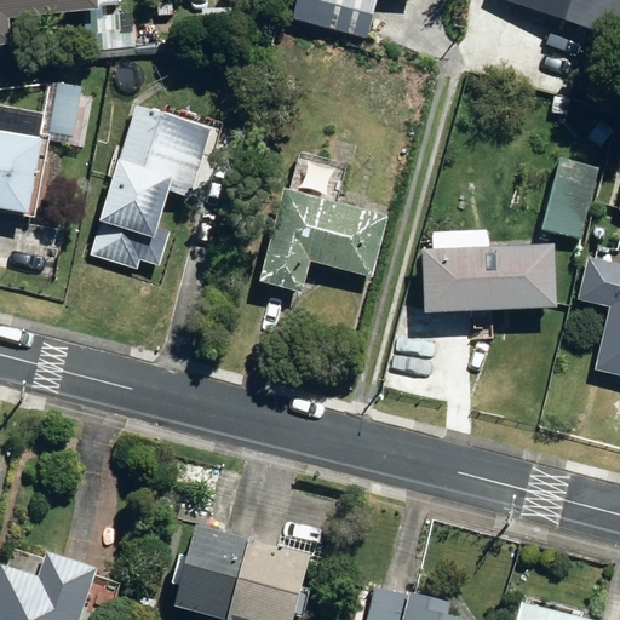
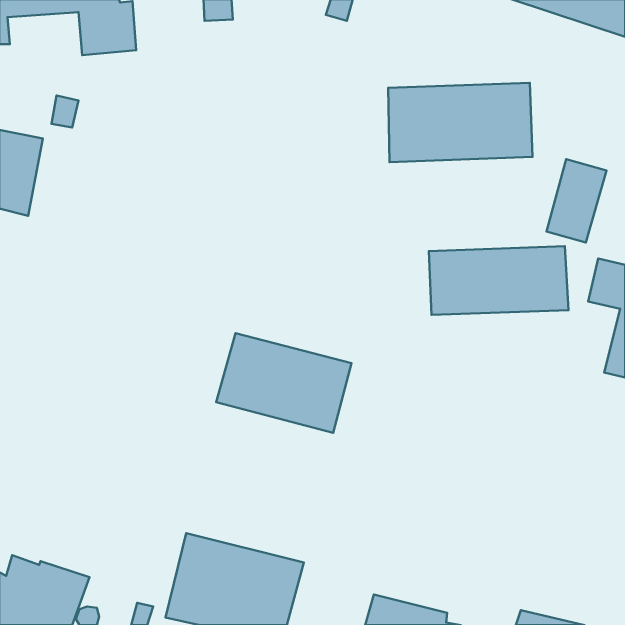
building: none -> [388,83,532,162]
building: [92,104,212,266] -> none
building: [260,188,390,292] -> none
building: none -> [216,333,351,433]

